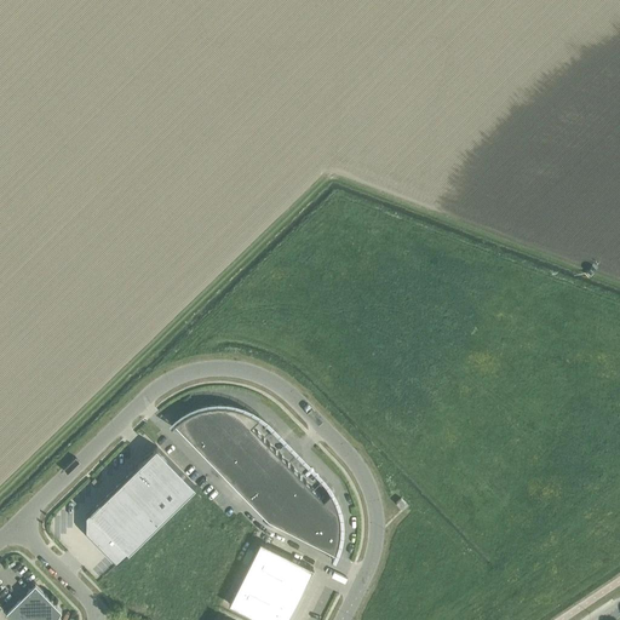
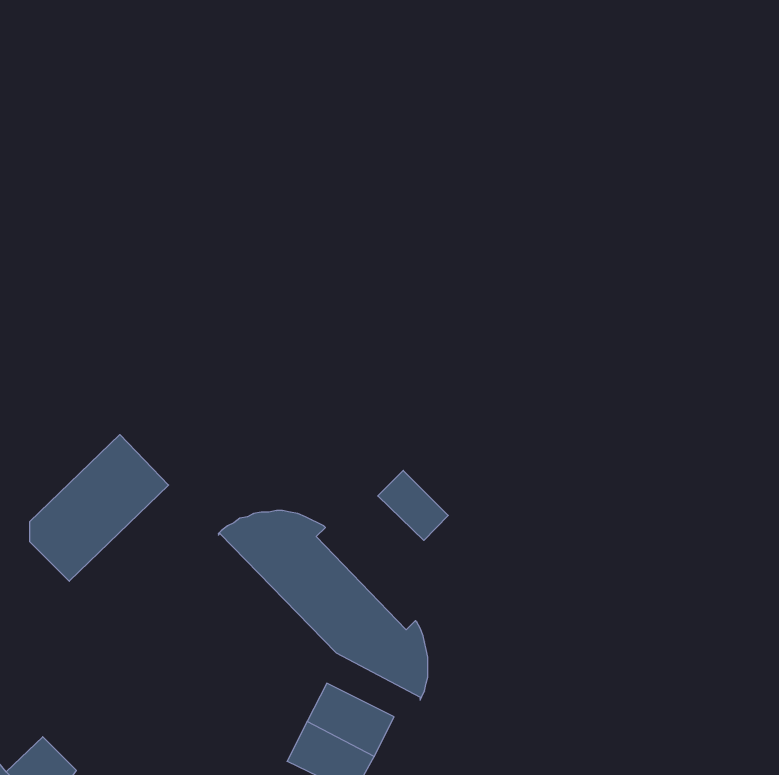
building: none -> [378,470,448,540]
building: [85,452,195,568] -> [30,435,169,581]

